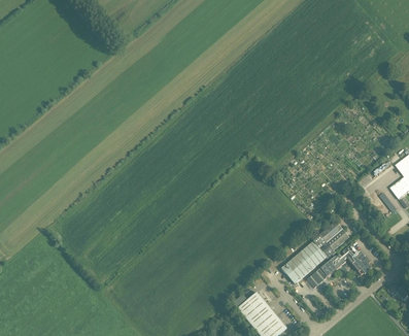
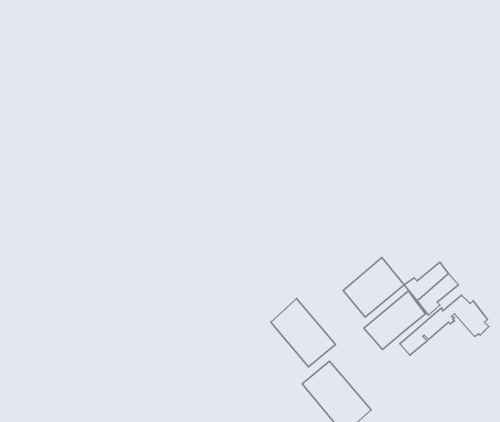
building: none -> [343,257,404,317]
building: none -> [271,298,335,367]

